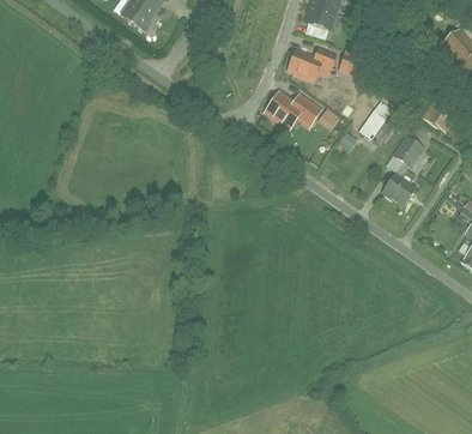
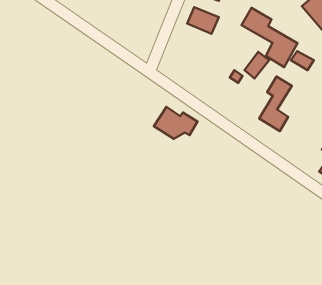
building: none -> [241,8,298,67]
building: [265,88,322,129] -> [154,107,198,139]

